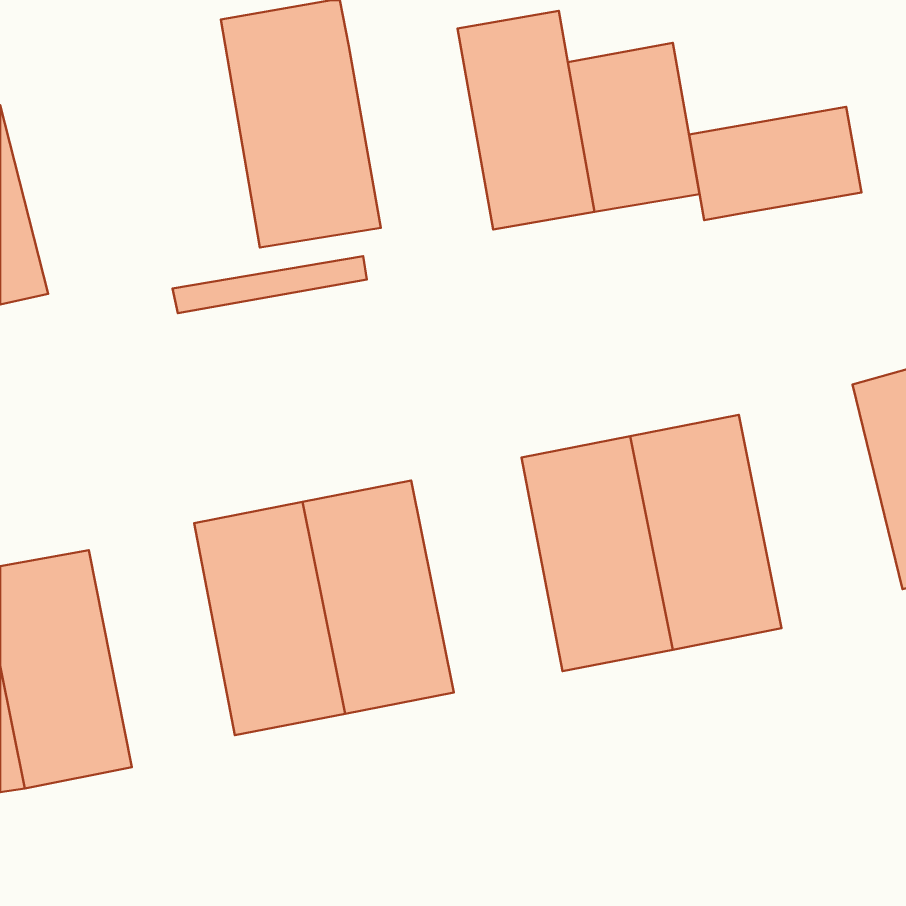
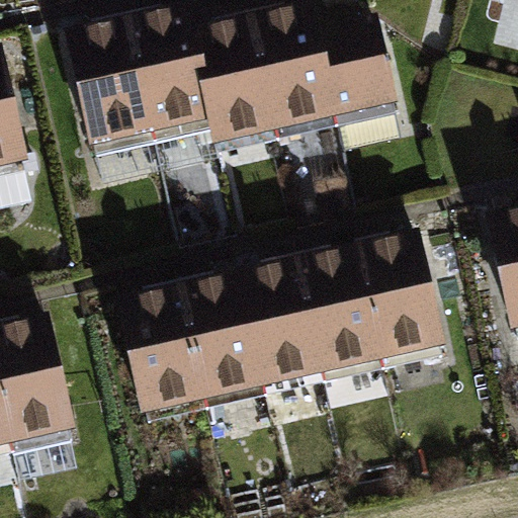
building: none -> [57,13,150,156]
building: none -> [200,18,282,144]
building: [689,107,862,220] -> none
building: none -> [236,262,322,396]

